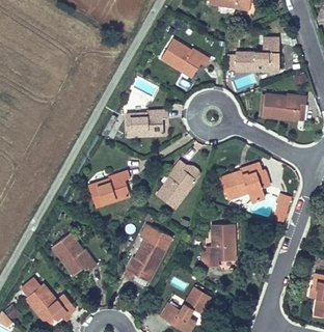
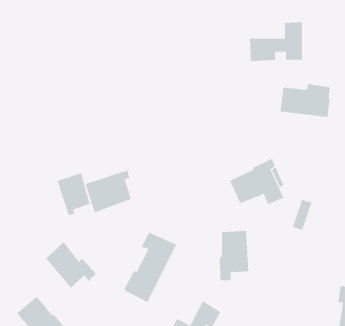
building: [163,44,211,79] -> none
building: [128,110,169,140] -> none
building: [156,161,200,211] -> none
building: none -> [57,173,90,216]

